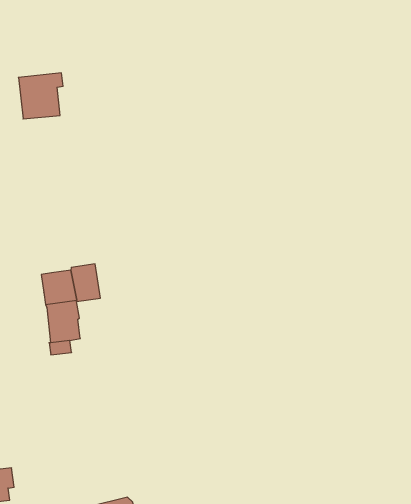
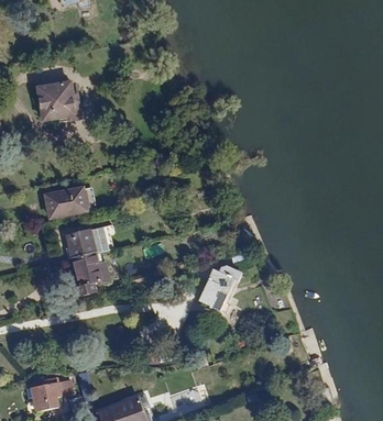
building: none -> [45,188,88,218]
building: none -> [199,270,233,310]

